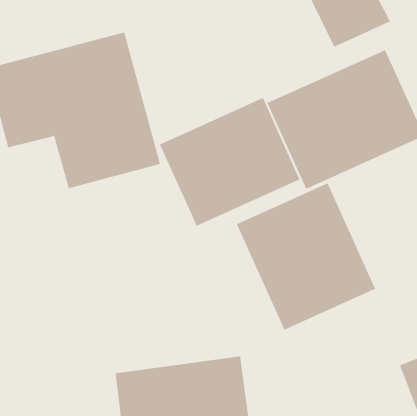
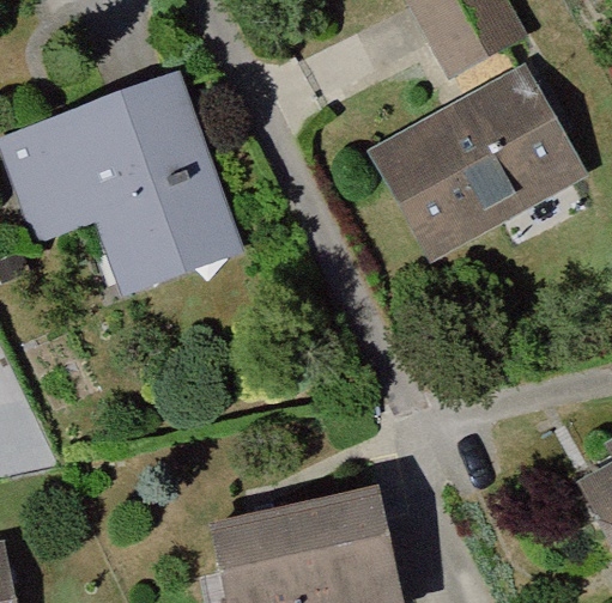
building: [159,97,300,227] -> none
building: [236,183,376,330] -> none

